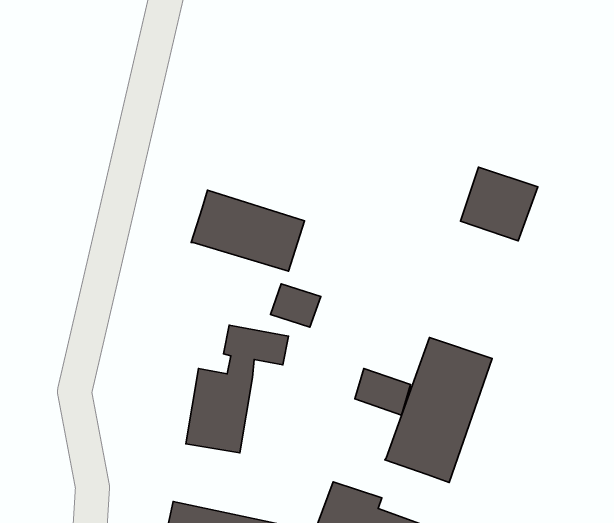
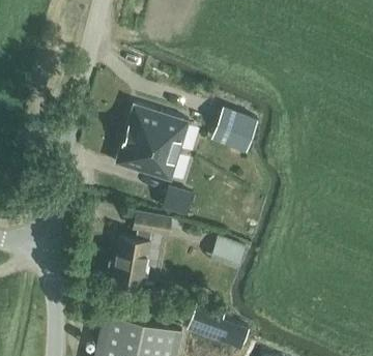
building: none -> [125,105,191,152]
building: [461,167,538,241] -> [213,109,258,151]
building: [385,337,492,483] -> none

